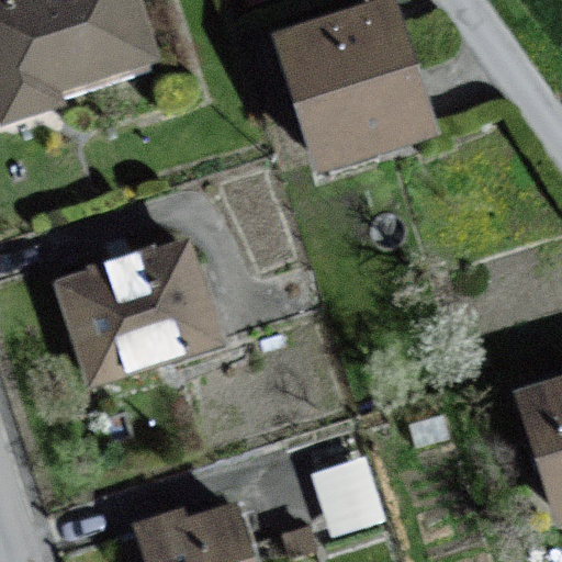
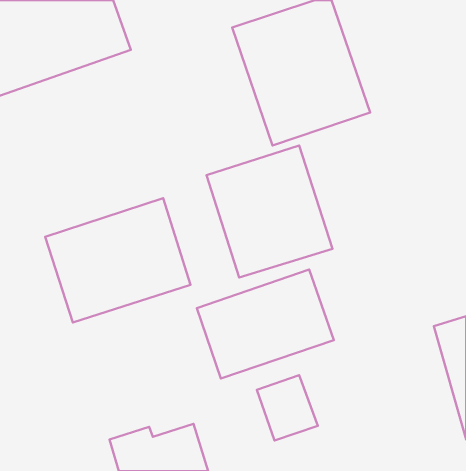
building: none -> [207,146,332,278]
building: none -> [197,269,334,378]

